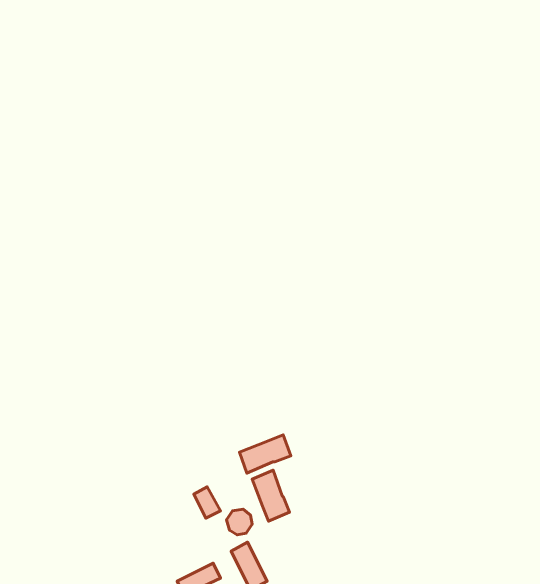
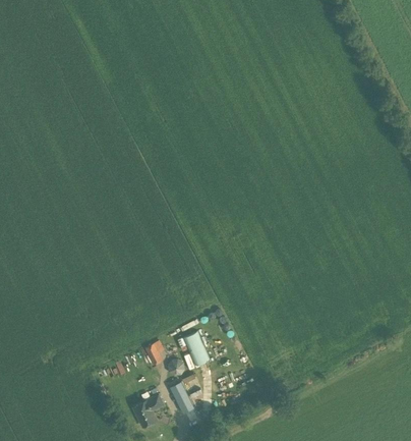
building: [239,435,291,473] -> none

